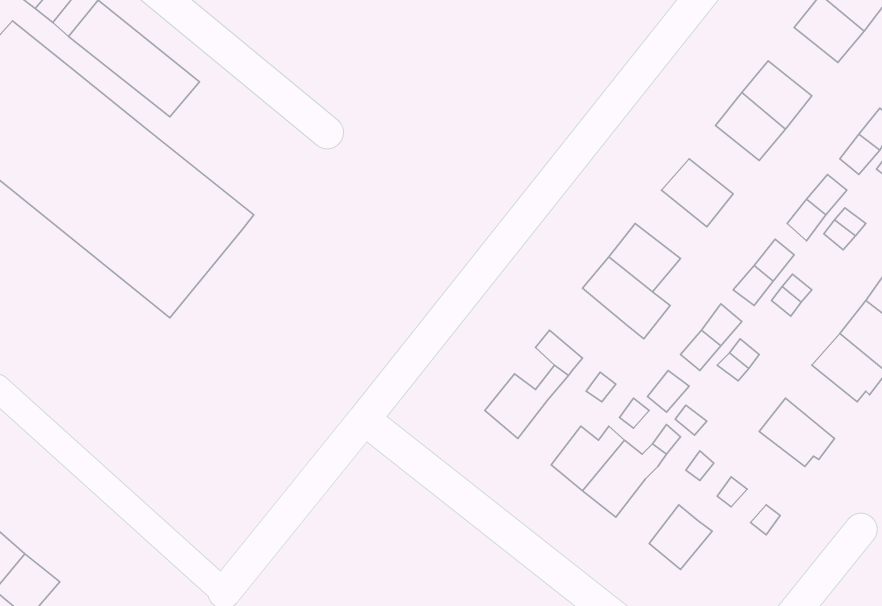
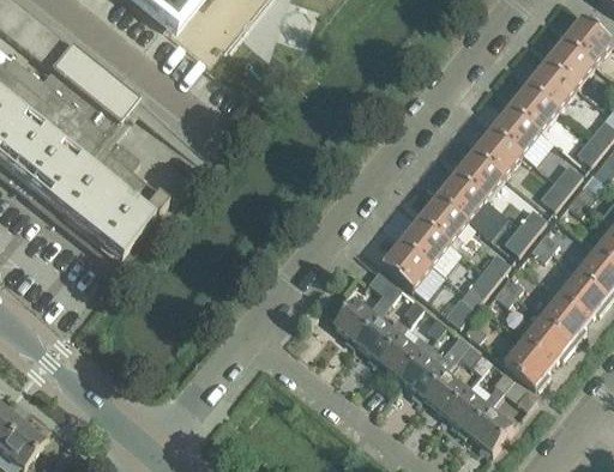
building: none -> [528,61,576,108]
building: none -> [474,128,522,175]
building: none -> [437,173,486,219]
building: none -> [383,240,431,288]
building: none -> [540,292,589,343]
building: none -> [356,316,407,361]
building: none -> [504,338,553,387]
building: none -> [423,370,466,414]
building: none -> [468,406,517,450]

